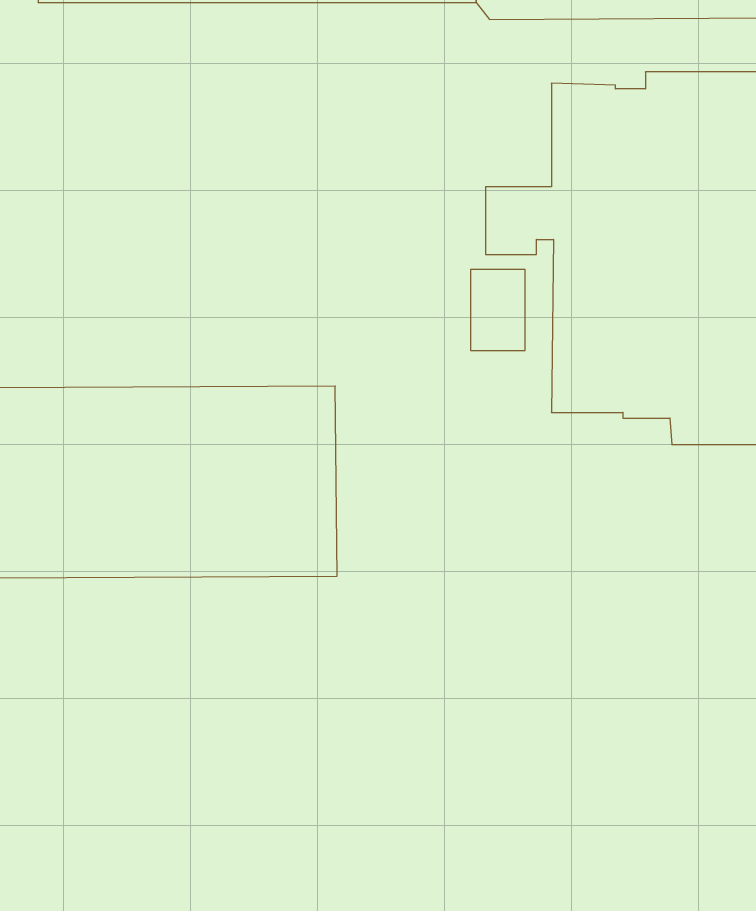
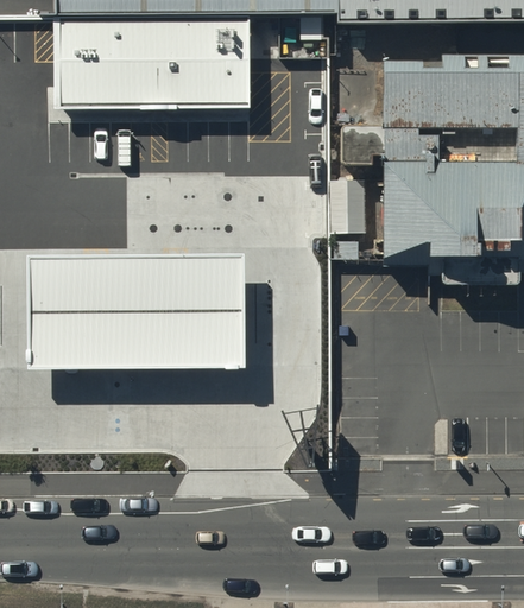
building: none -> [51,11,251,103]

